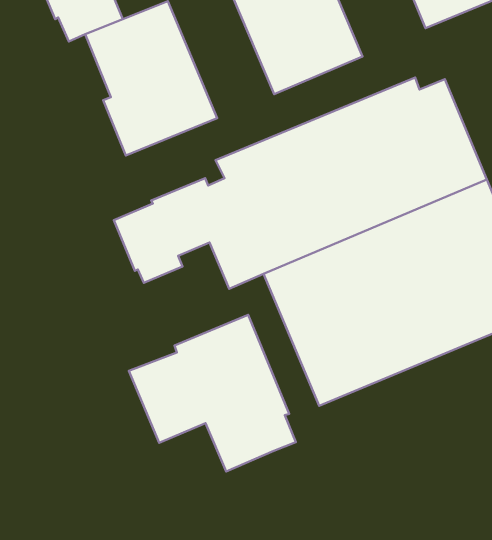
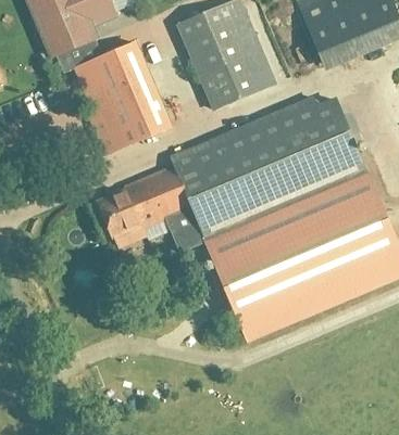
building: [129,315,296,472] -> none

